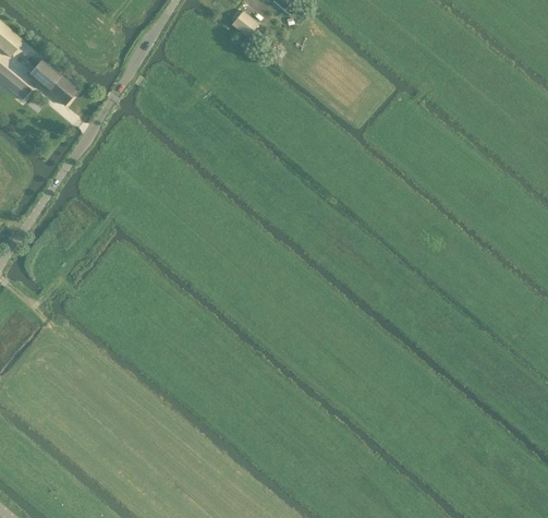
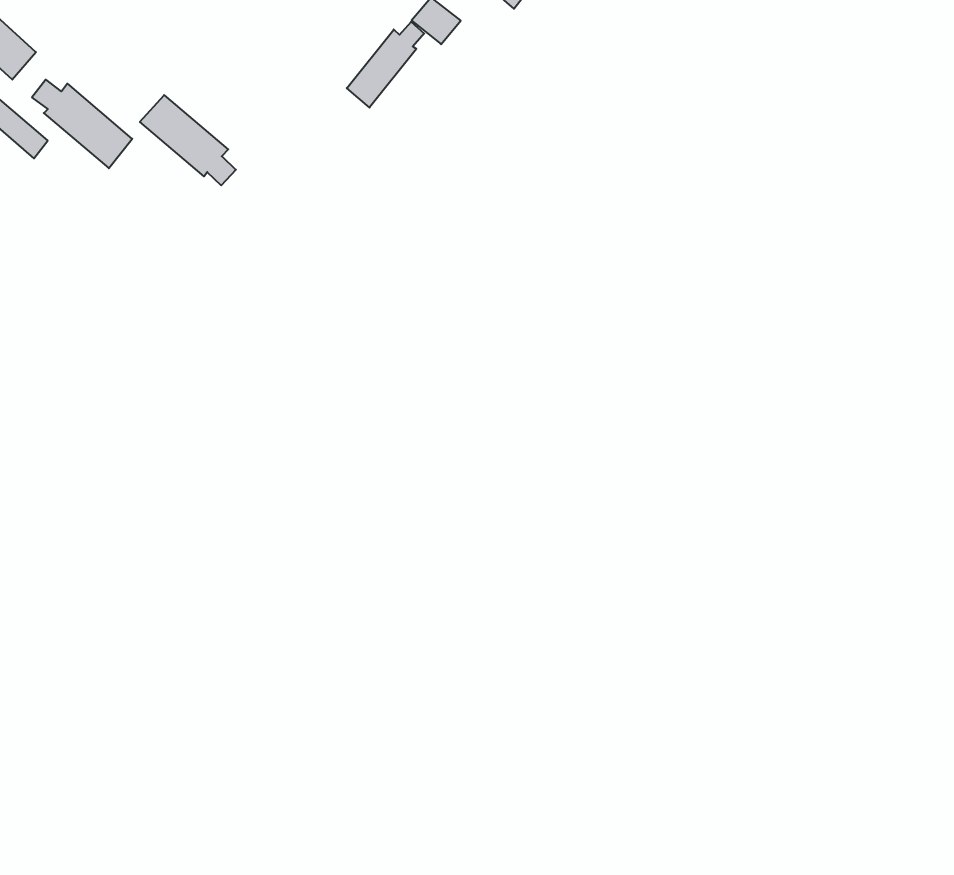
building: none -> [347,22,424,108]
building: none -> [140,95,236,185]

